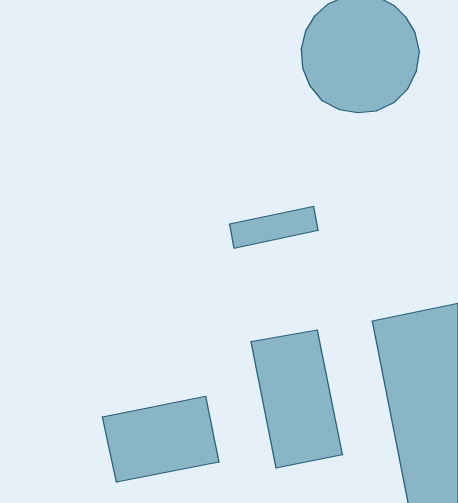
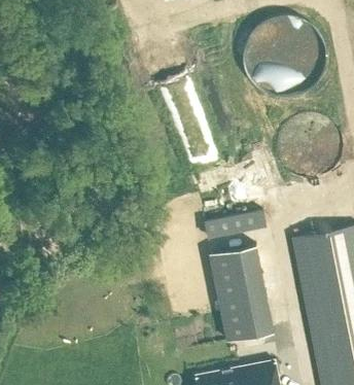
building: [229,207,318,248] -> [203,211,264,240]
building: [102,396,219,482] -> none

